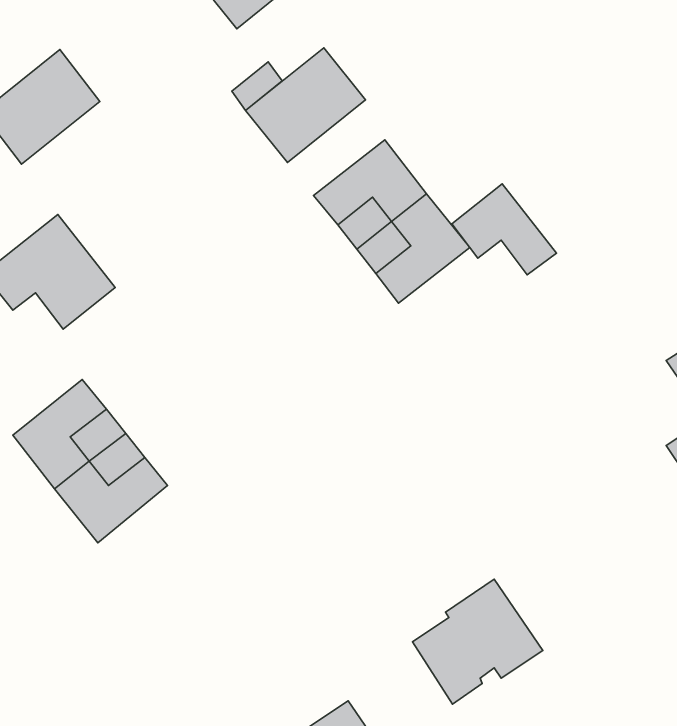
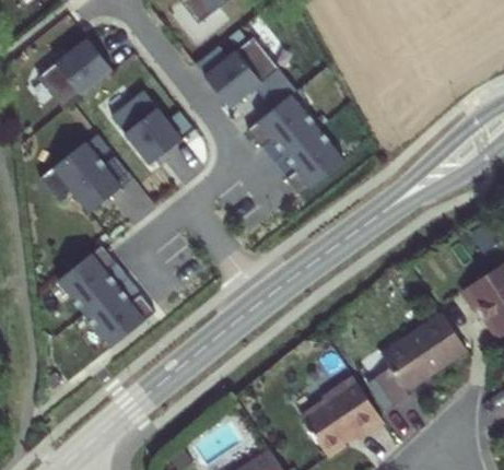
building: none -> [112,92,181,165]
building: [452,184,556,275] -> none
building: none -> [376,310,467,404]

